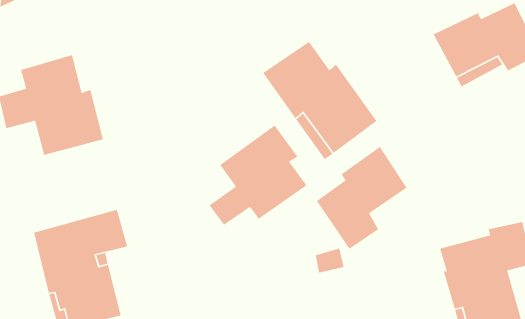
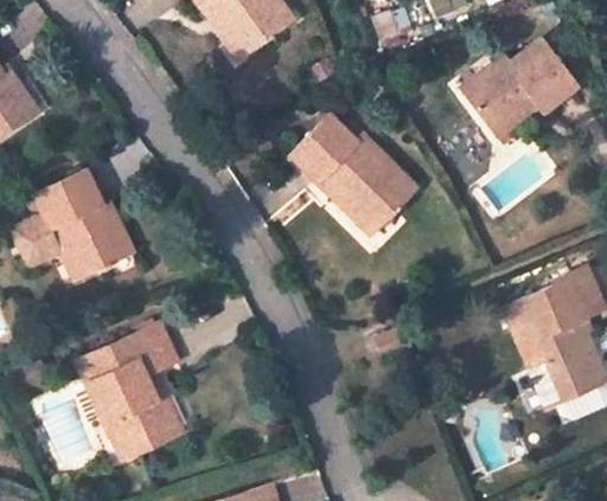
building: [208,125,308,226] -> none
building: [316,146,408,250] -> none

